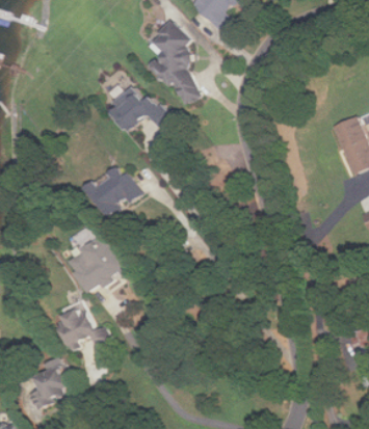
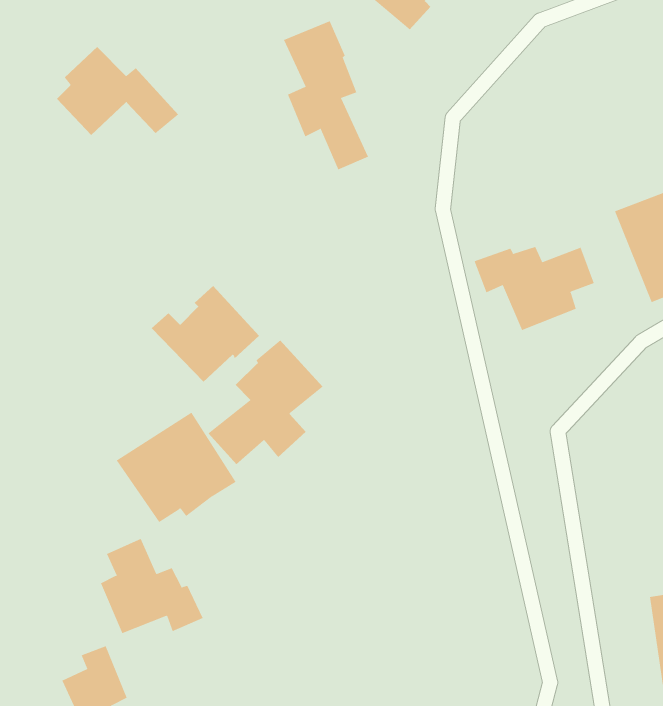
building: [110,85,176,133] -> [56,46,179,136]
building: none -> [474,246,595,331]
building: none -> [208,339,323,465]

